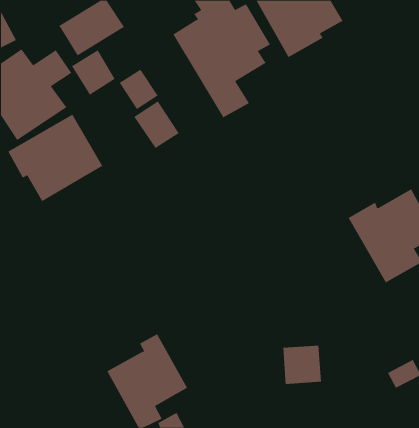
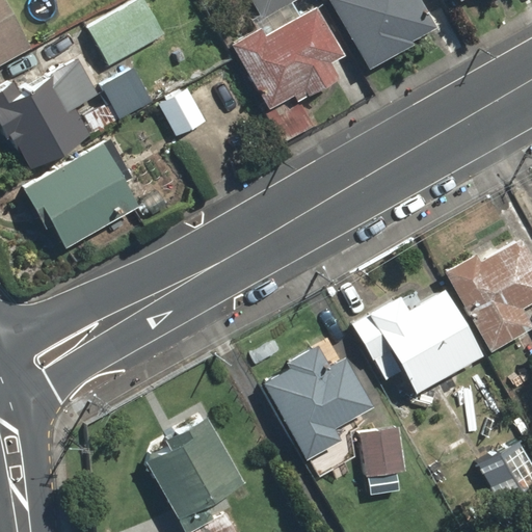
building: [134,100,180,149] -> none
building: none -> [353,287,483,393]
building: none -> [261,341,375,461]

